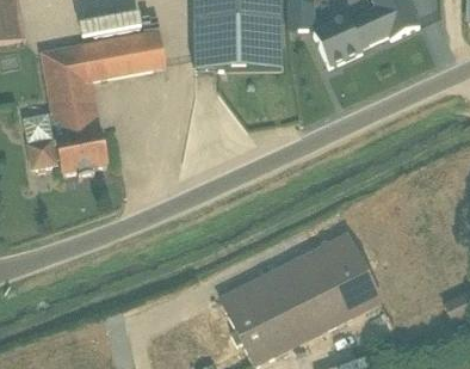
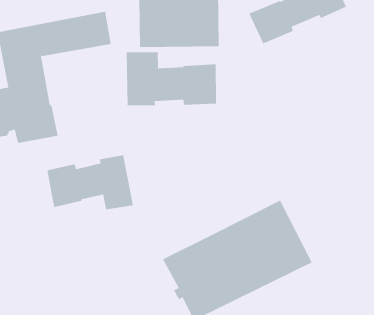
building: none -> [126,51,216,106]
building: none -> [47,154,133,210]

